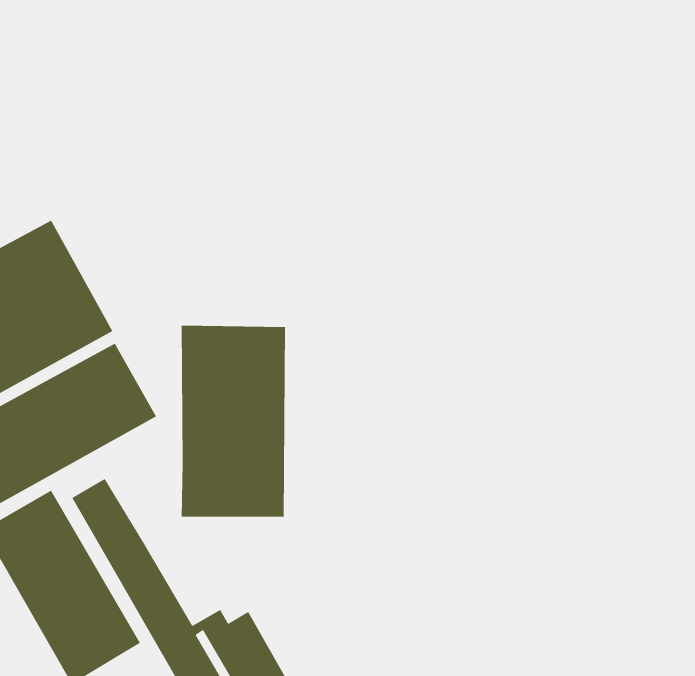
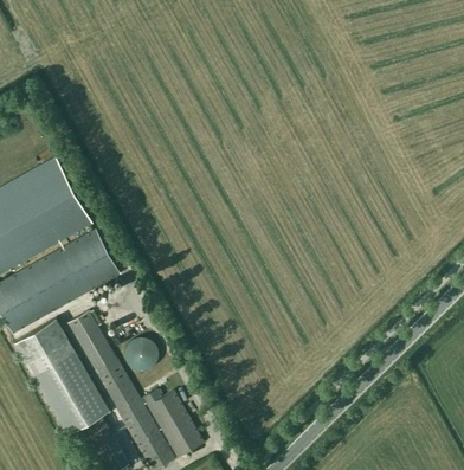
building: [181,325,285,517] -> none
building: none -> [124,337,159,371]

